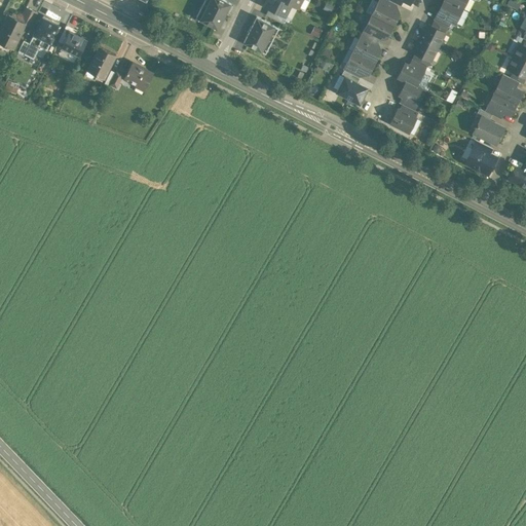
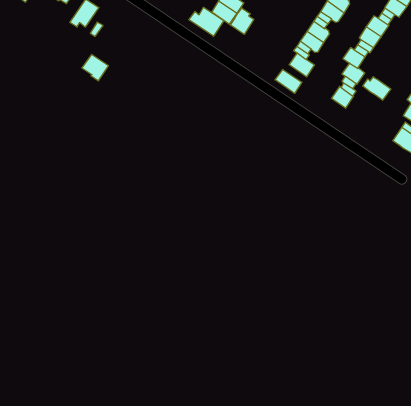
building: none -> [230,8,254,34]
building: none -> [189,7,224,36]
building: [123,63,153,91] -> [82,54,108,81]
building: none -> [363,77,391,100]
building: none -> [275,69,302,93]

